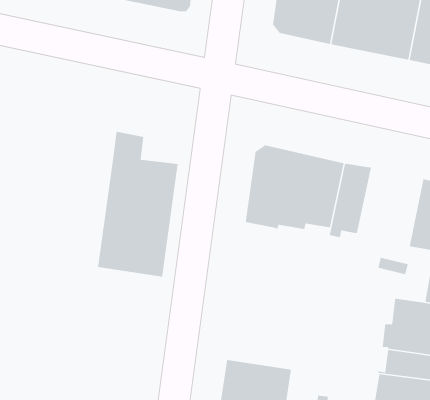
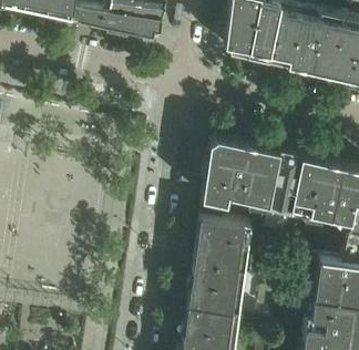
building: [97,131,178,277] -> [187,203,250,317]
building: none -> [287,159,340,222]

